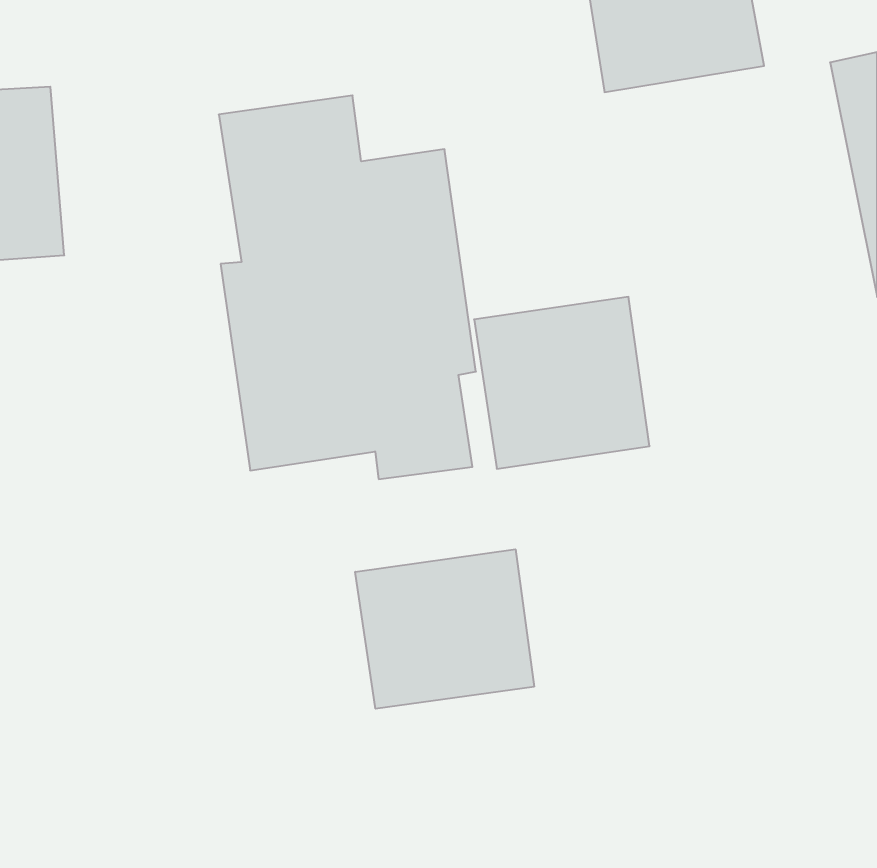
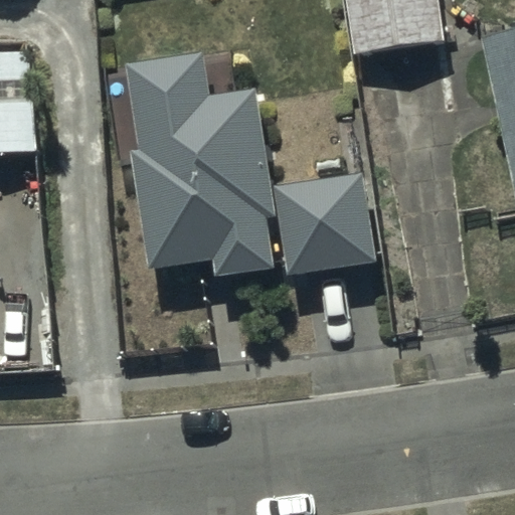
building: [355,549,534,709] -> none

